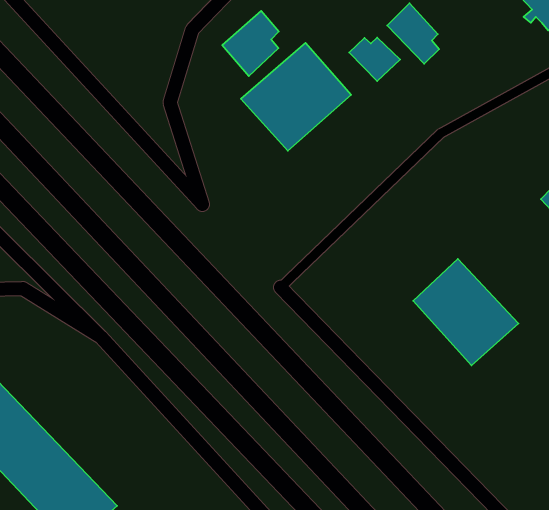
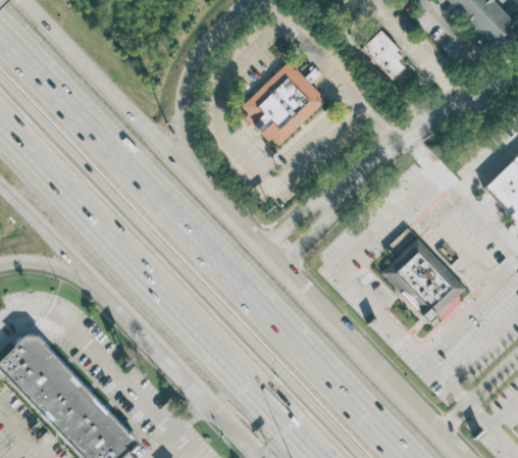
building: [222,11,279,76] -> none
building: [349,38,400,81] -> none

